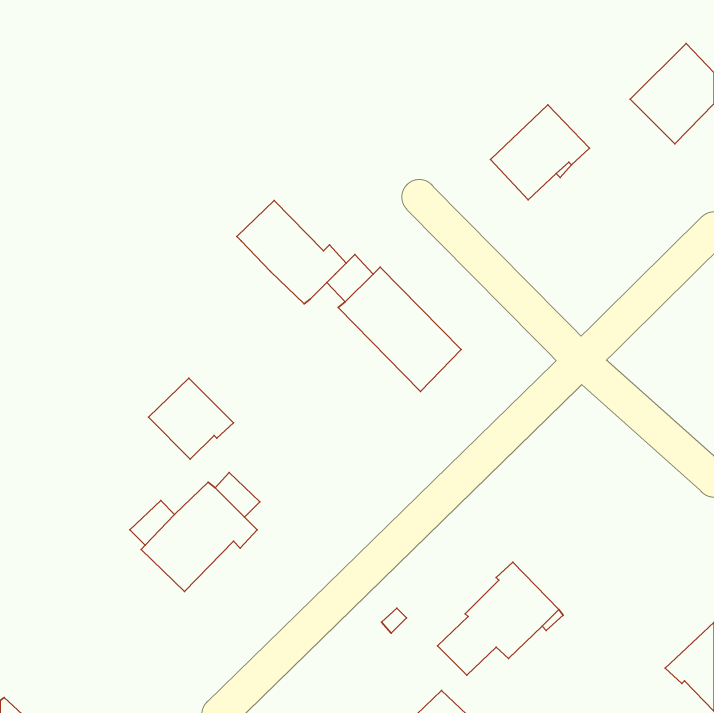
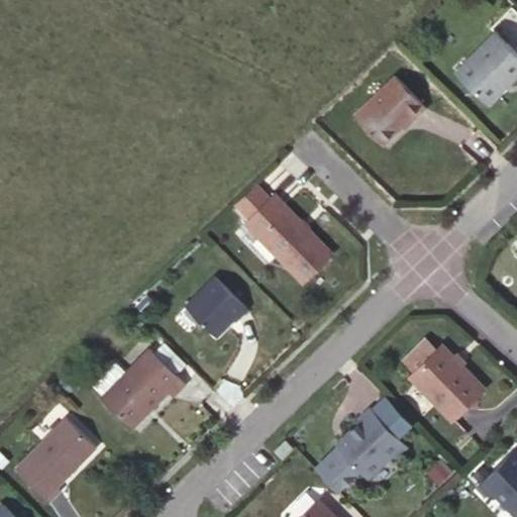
building: [237,201,346,304] -> none
building: [148,378,234,459] -> [186,278,247,336]
building: none -> [409,344,486,420]
building: none -> [15,418,96,502]

